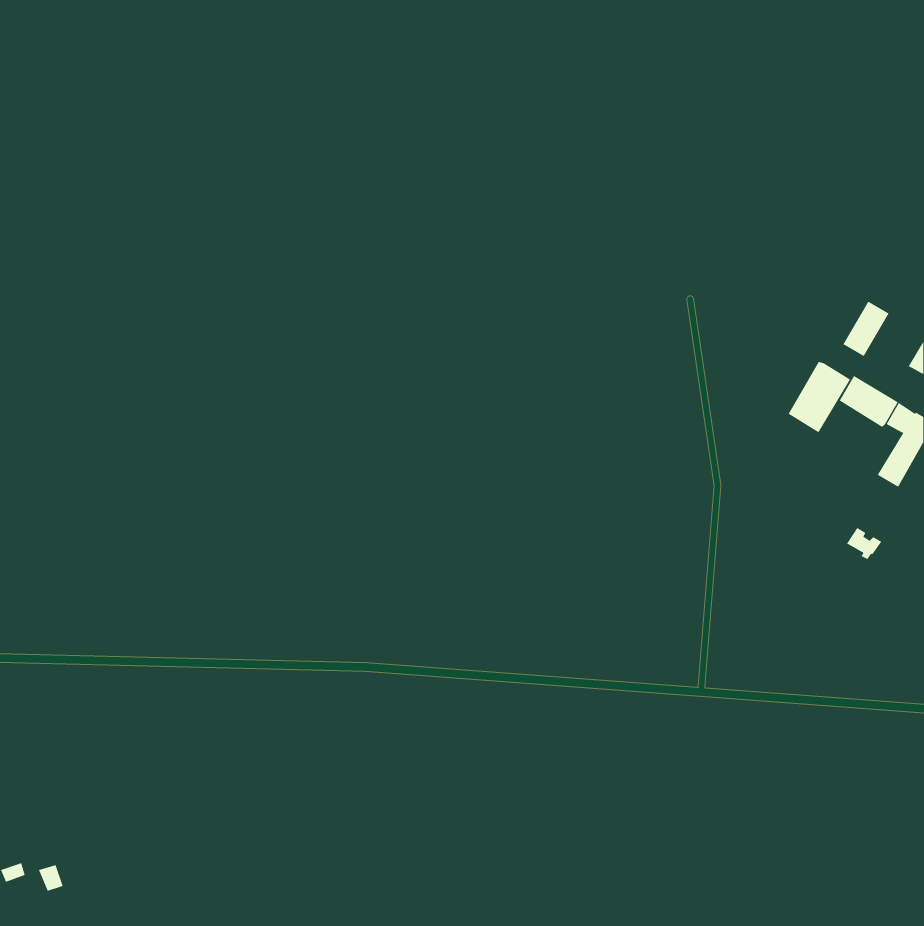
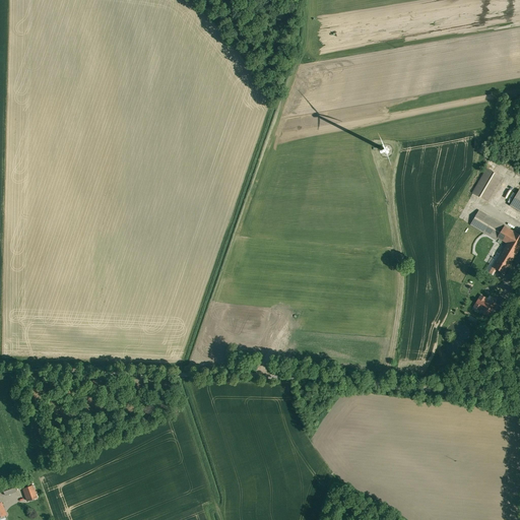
building: [788,361,851,433] -> none

